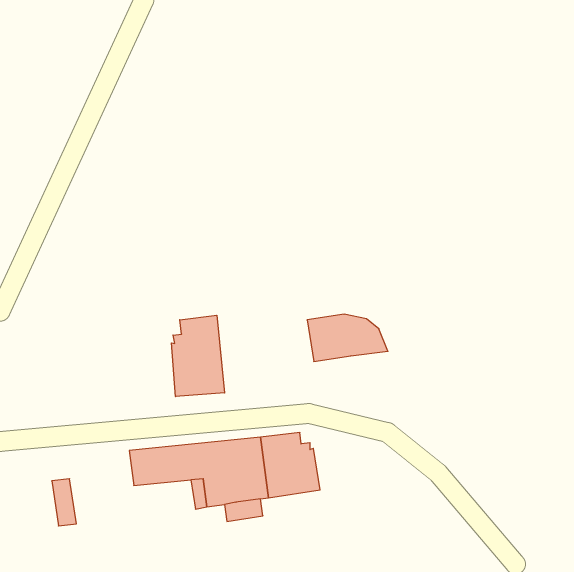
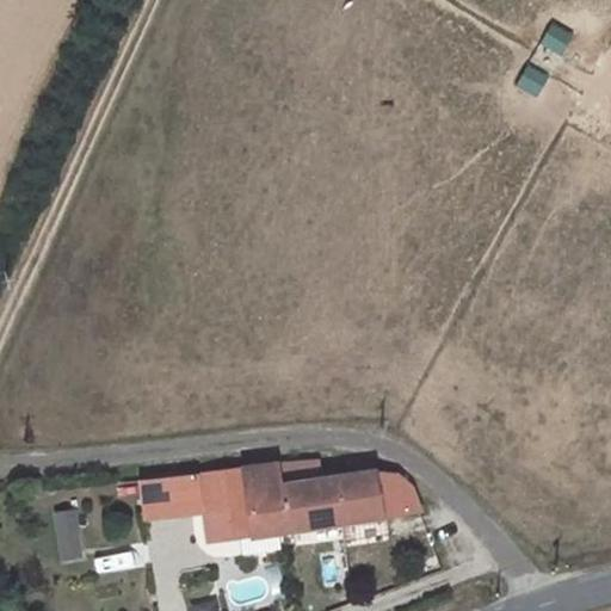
building: [307,314,388,361] -> [333,473,419,523]
building: [171,315,225,397] -> none

